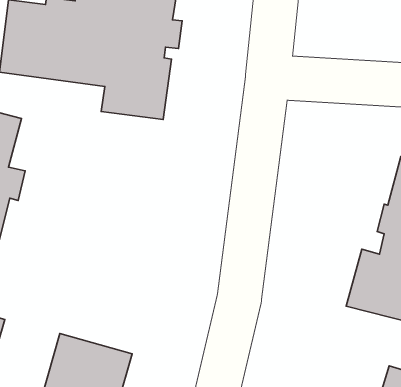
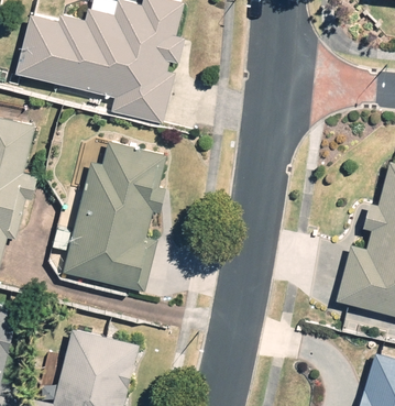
building: none -> [63,141,166,290]

